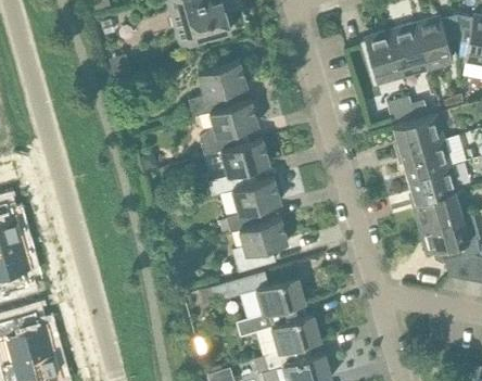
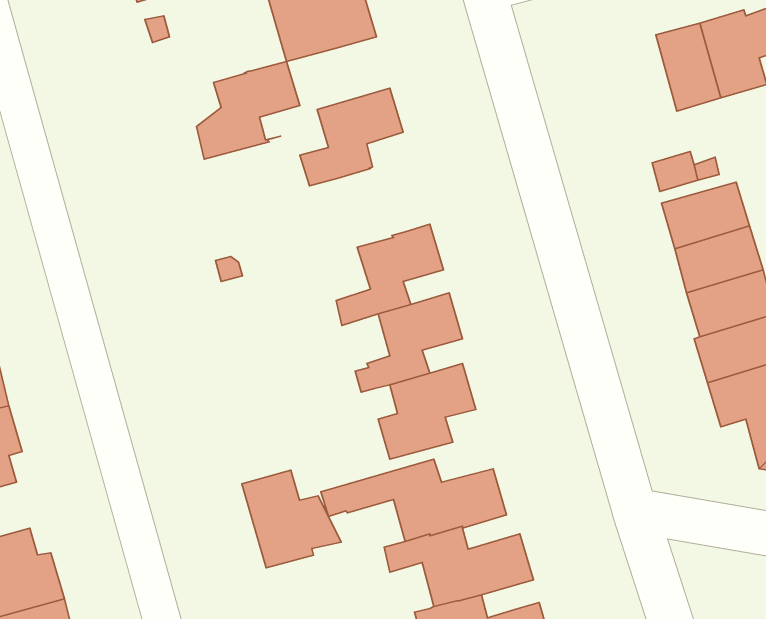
building: [365,31,403,82] -> none
building: [201,101,259,156] -> [196,62,300,159]
building: none -> [242,470,341,568]

